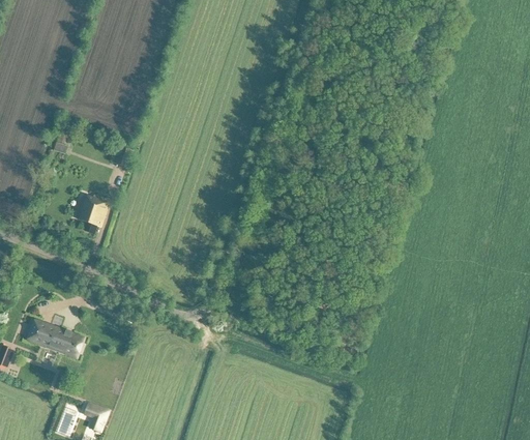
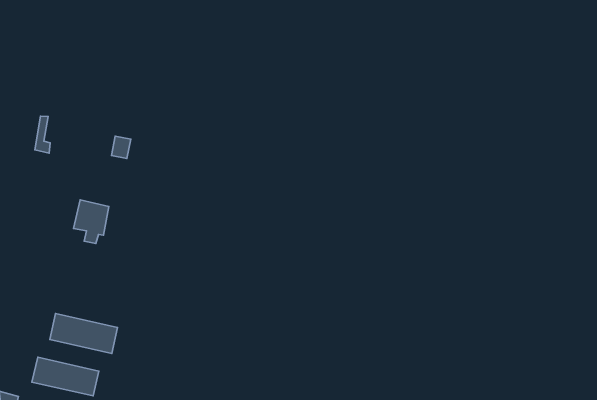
building: none -> [50,314,117,353]

